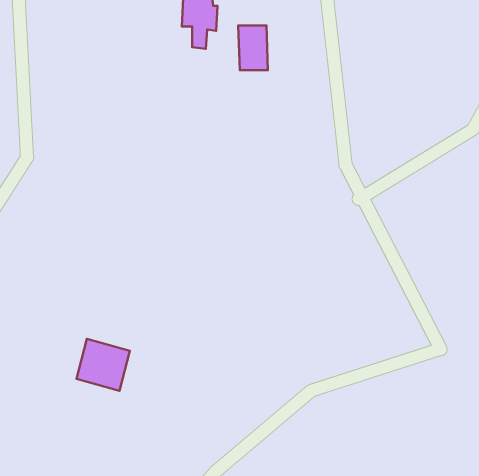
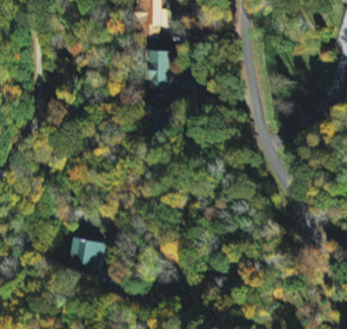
building: [238,26,268,70] -> [150,49,170,79]

